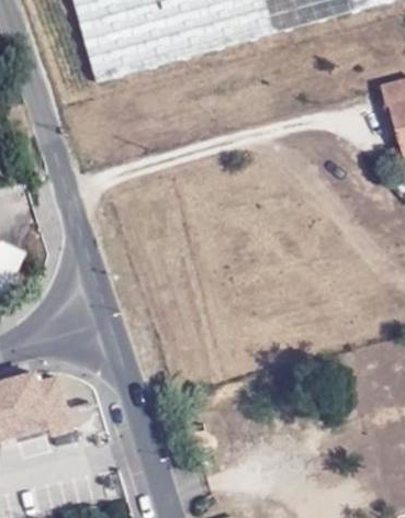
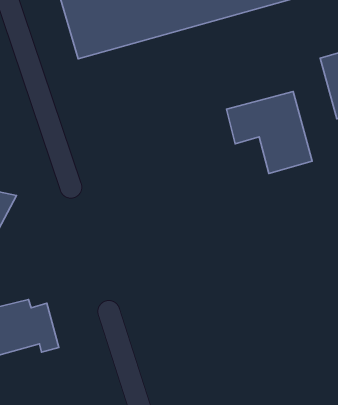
building: none -> [226,91,312,173]

